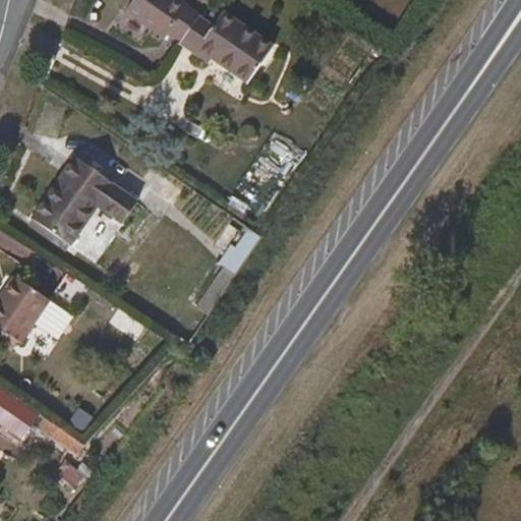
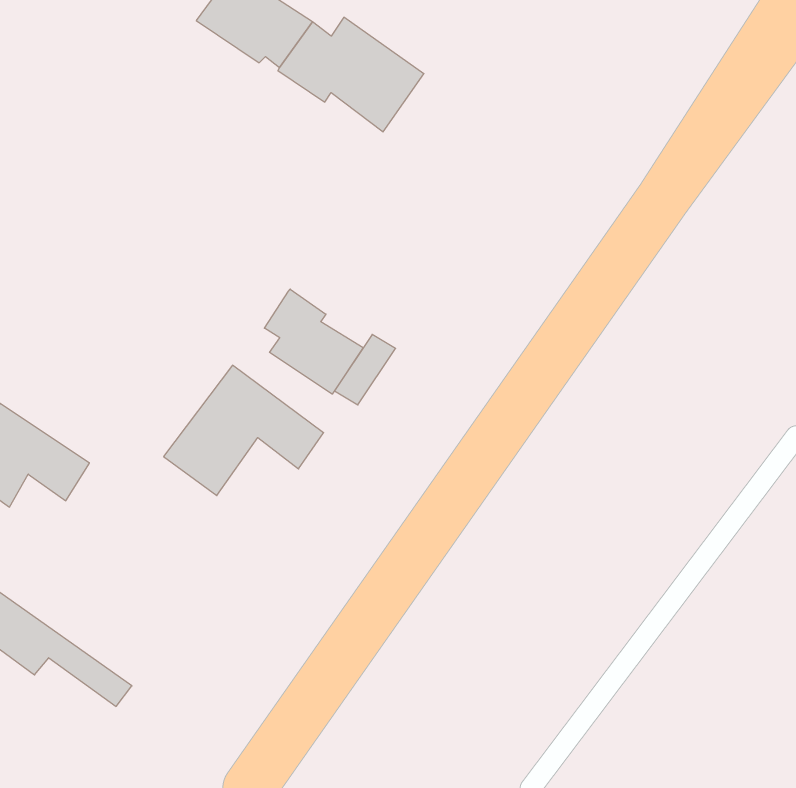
building: [31,158,134,242] -> [164,365,324,496]
building: none -> [264,289,363,394]

